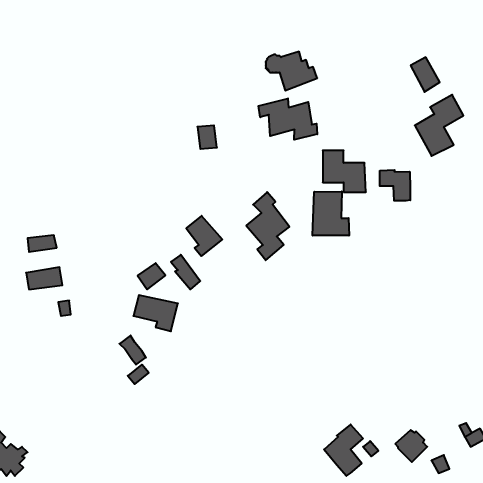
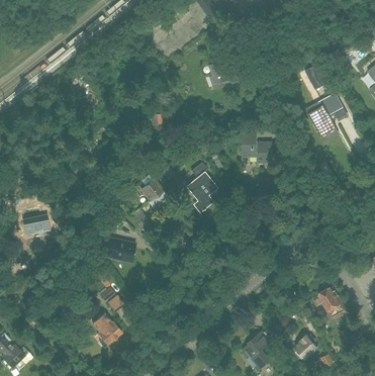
building: [258,98,317,140] -> none
building: [380,170,410,201] -> none
building: [313,191,349,236] -> none
building: none -> [312,287,345,318]
building: none -> [90,312,121,346]

